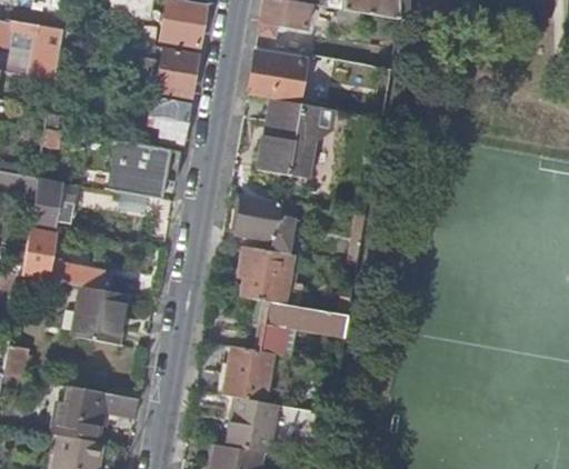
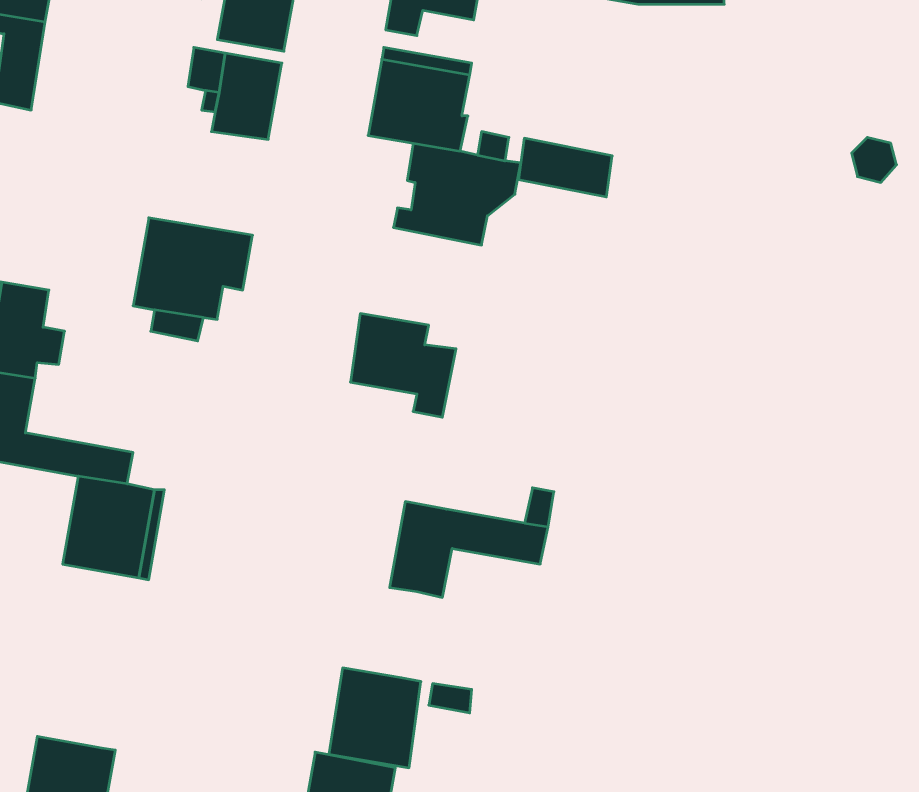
building: [142,97,188,144] -> none
building: [257,147,310,180] -> [518,138,612,197]
building: [238,247,298,307] -> none
building: [223,347,273,402] -> none
building: [54,388,138,442] -> none

